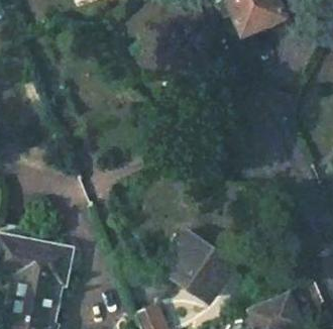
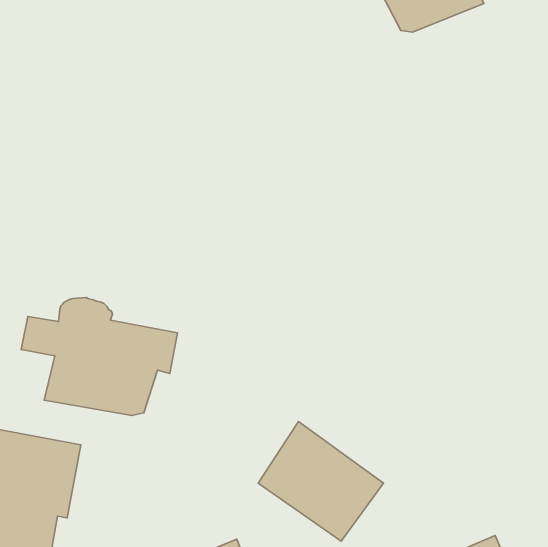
building: none -> [21,297,177,416]

